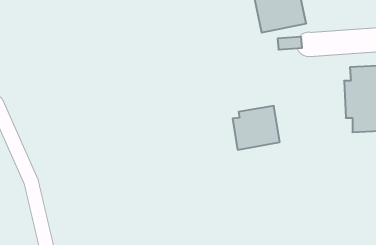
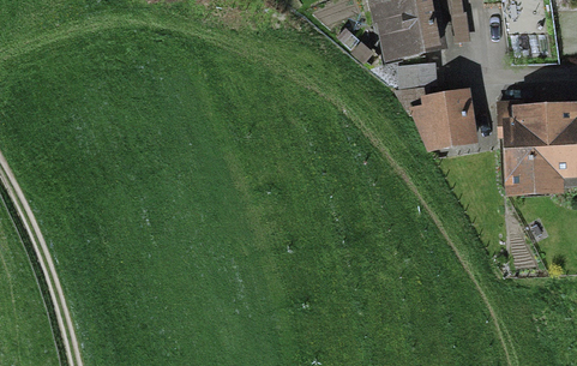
building: [233,106,280,150] -> [411,91,479,154]

